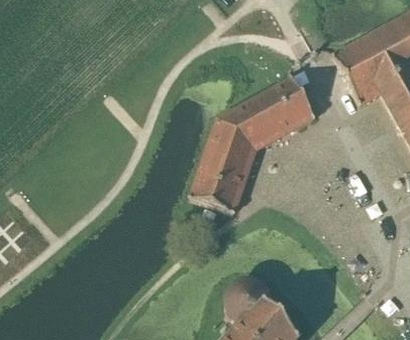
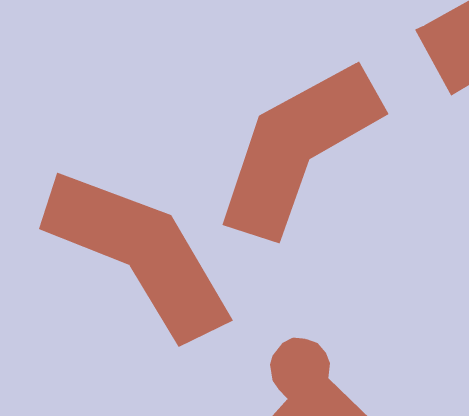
building: none -> [38,172,234,348]

